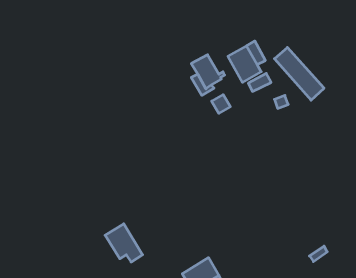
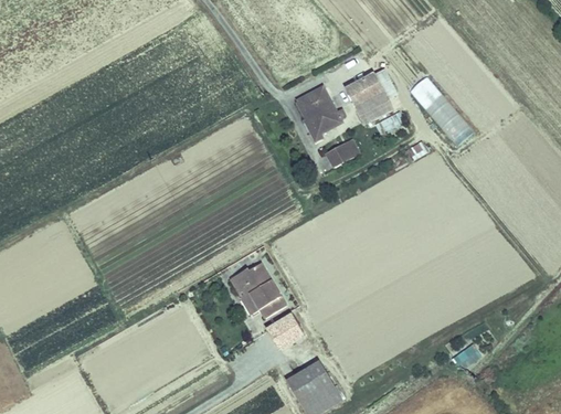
building: [105,224,143,262] -> [233,264,284,316]
building: none -> [265,316,303,351]

